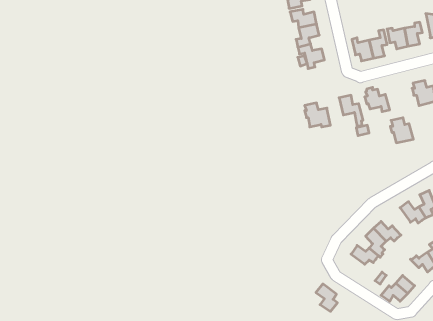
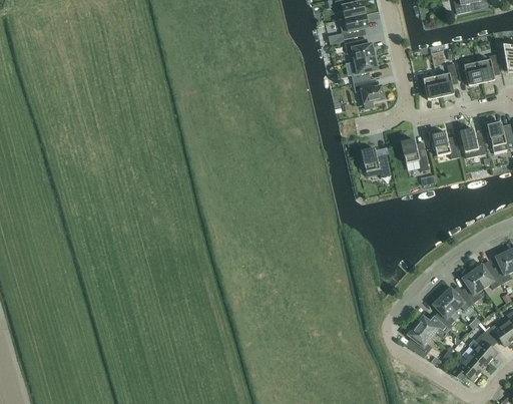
building: [390,118,413,143] -> [459,127,486,156]
building: none -> [461,270,484,302]
building: none -> [475,330,497,361]
building: [316,284,337,311] -> [407,324,432,356]

